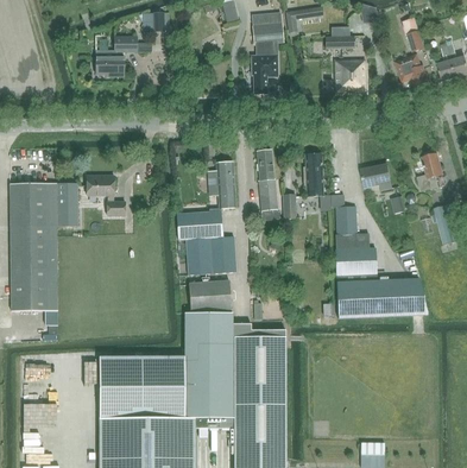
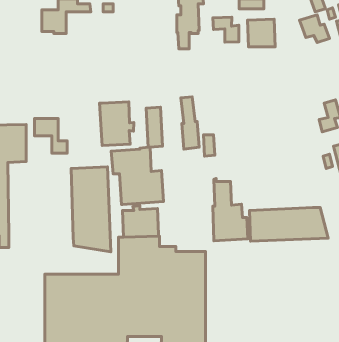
building: none -> [213,17,239,42]
building: [303,154,323,197] -> none
building: none -> [100,102,134,146]
building: [361,164,392,189] -> none
building: [335,203,376,276] -> [213,179,248,241]
building: none -> [71,167,111,252]

